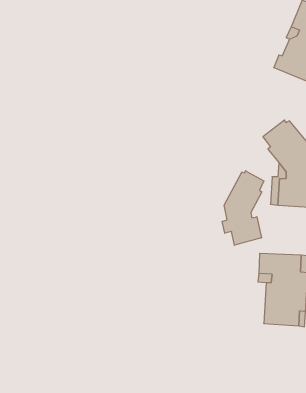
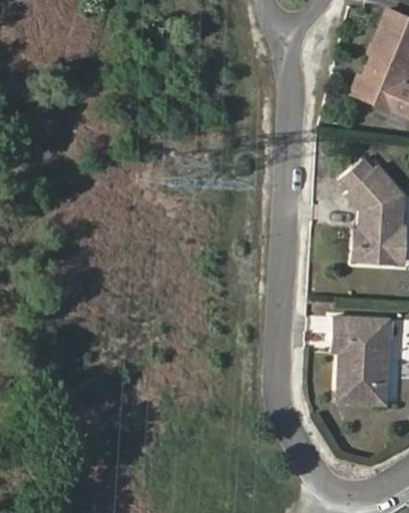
building: [222,171,264,245] -> none

